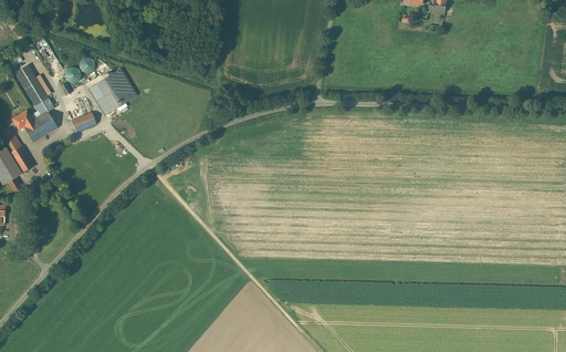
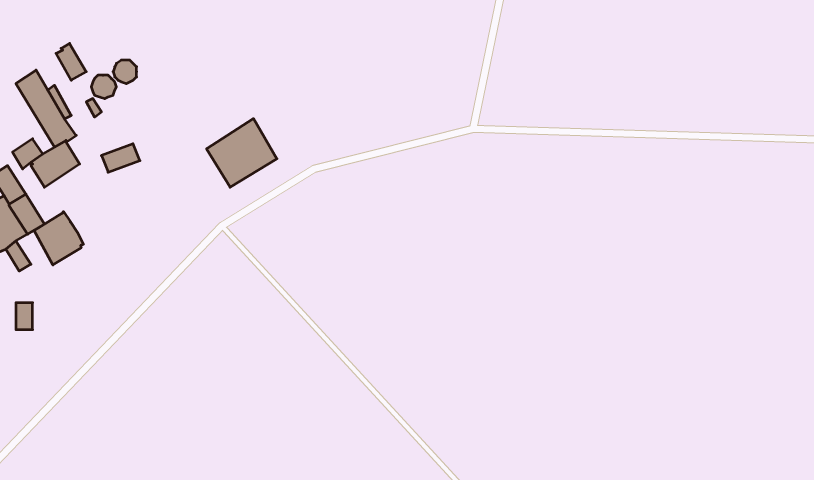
building: [90,68,136,113] -> [207,119,277,187]
building: none -> [34,212,83,265]

